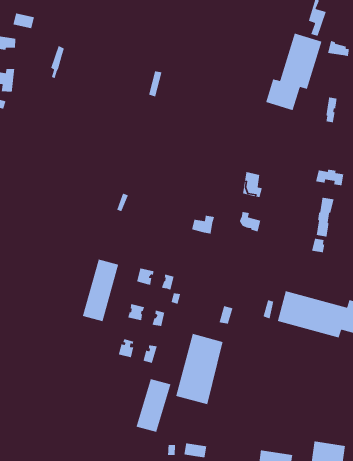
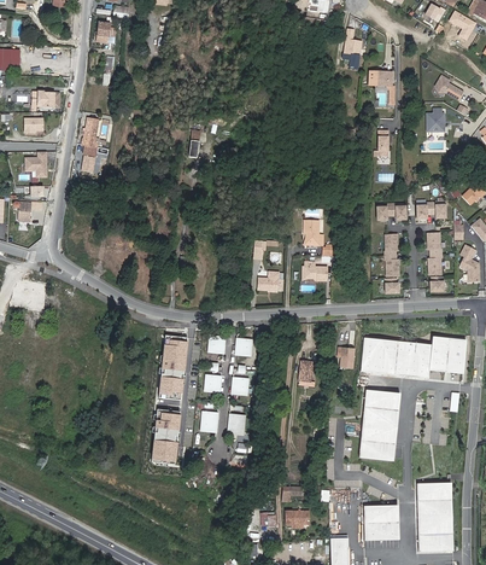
building: [265,33,322,111] -> none
building: [175,333,224,405] -> [358,389,399,461]
building: [136,378,171,433] -> [150,408,180,464]

